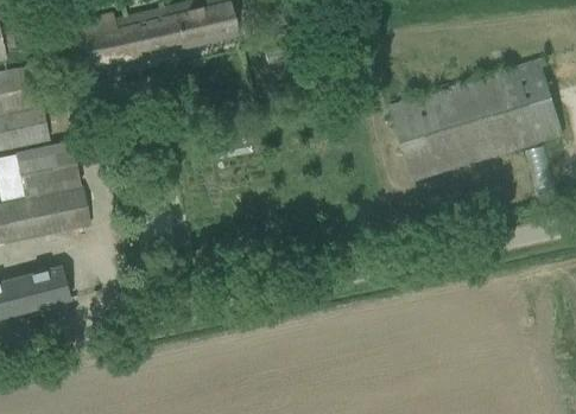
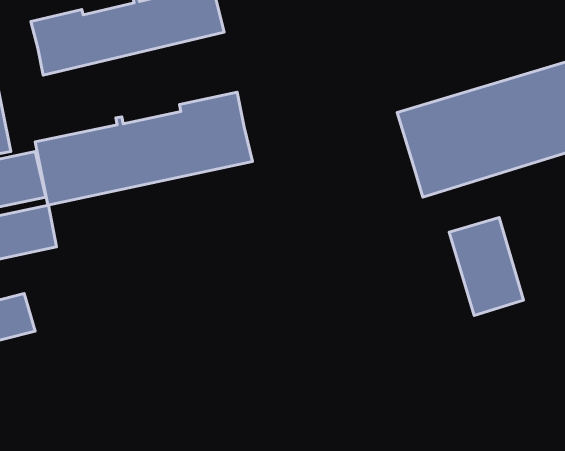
building: none -> [35,92,253,205]
building: none -> [449,218,524,316]

